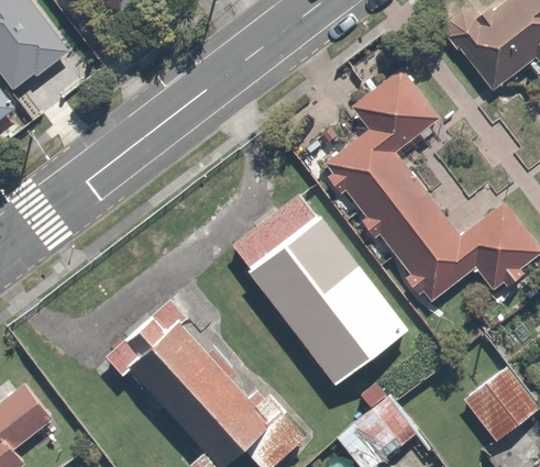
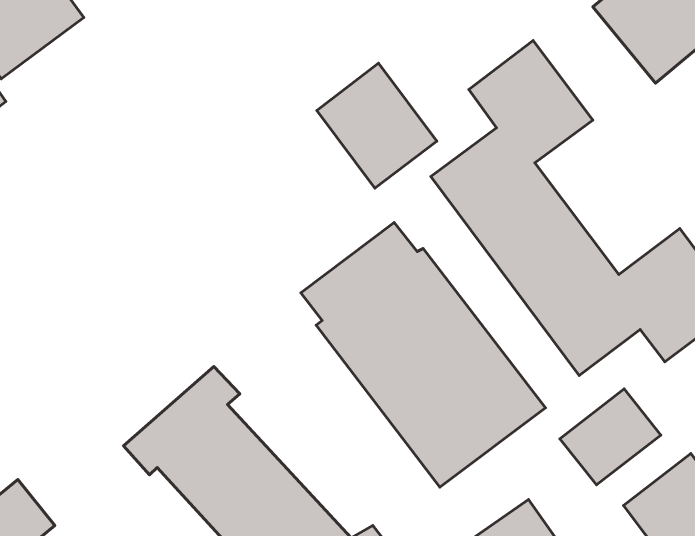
building: none -> [317,63,437,188]
building: none -> [560,389,661,485]

